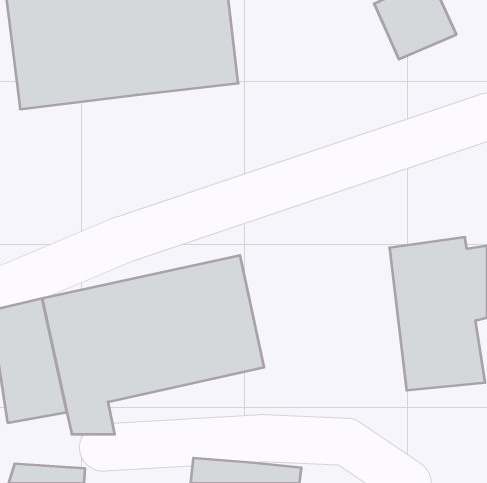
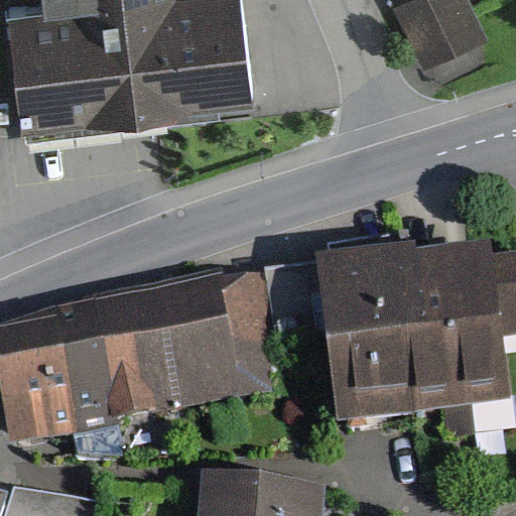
building: none -> [321,252,428,421]

